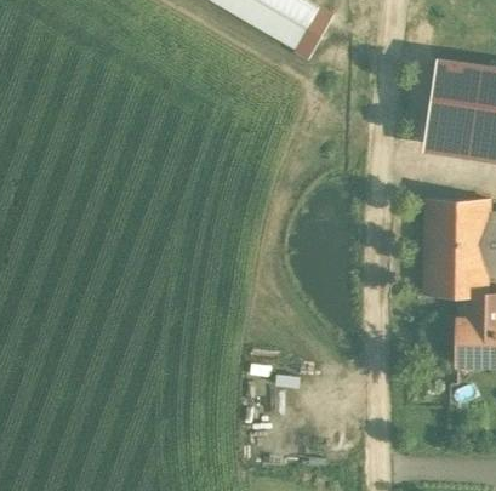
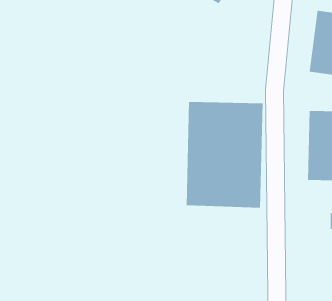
building: none -> [186,101,263,208]

